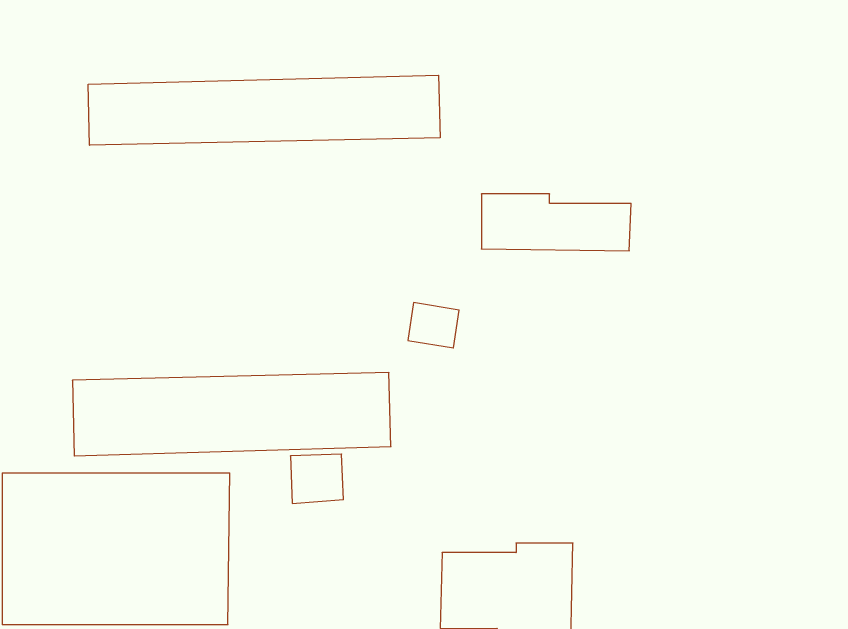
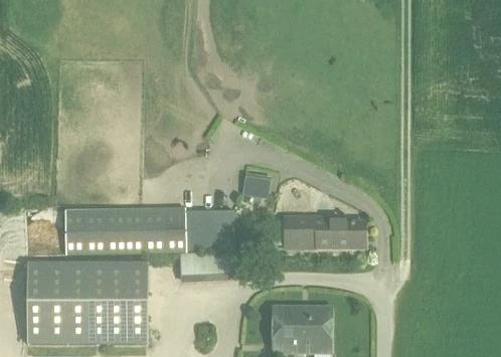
building: [88,75,440,145] -> none
building: [481,194,631,251] -> [285,216,364,246]

